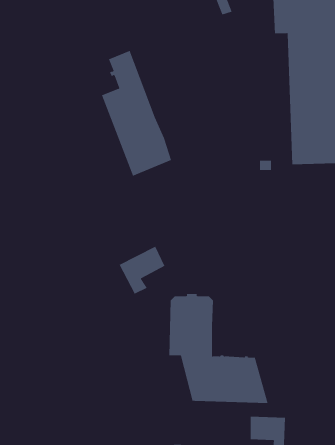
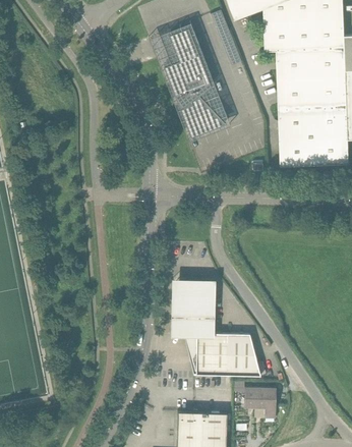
building: [101,50,172,176] -> [163,26,225,137]
building: [119,246,165,295] -> none

